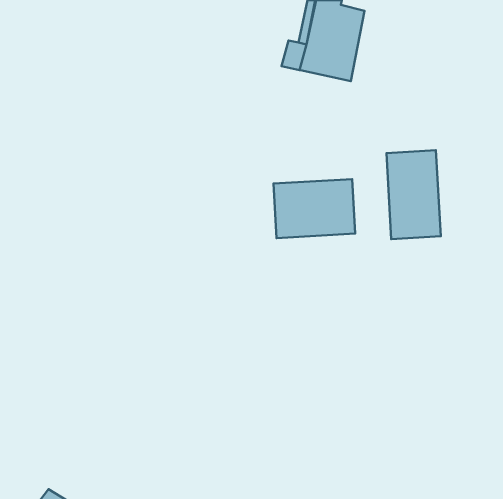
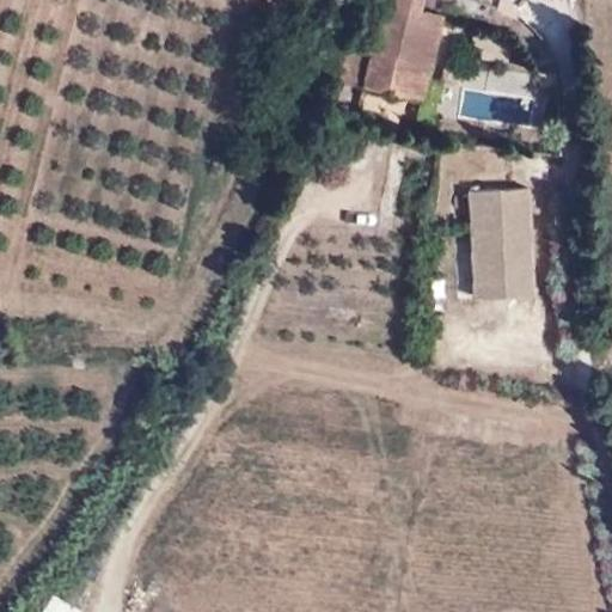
building: [273,179,355,238] -> none

